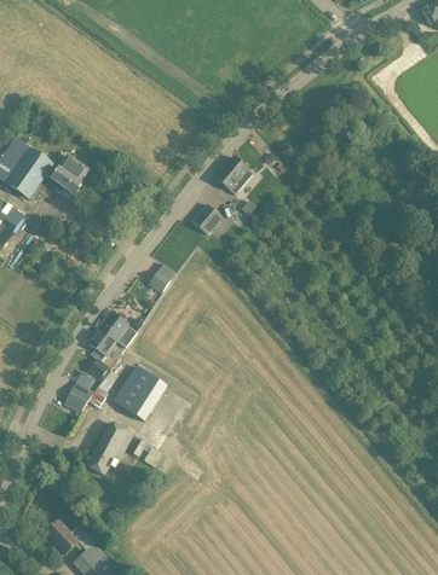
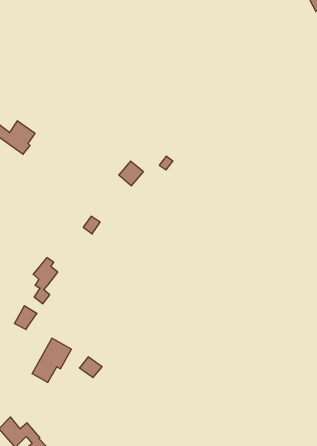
building: [215,156,253,194] -> none
building: [104,310,134,345] -> none
building: [114,365,168,422] -> none

